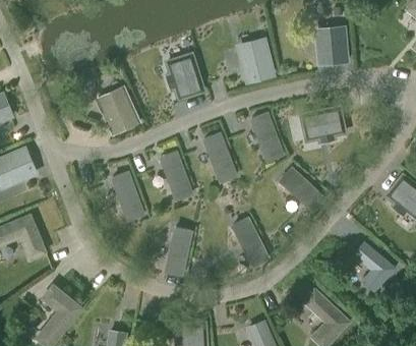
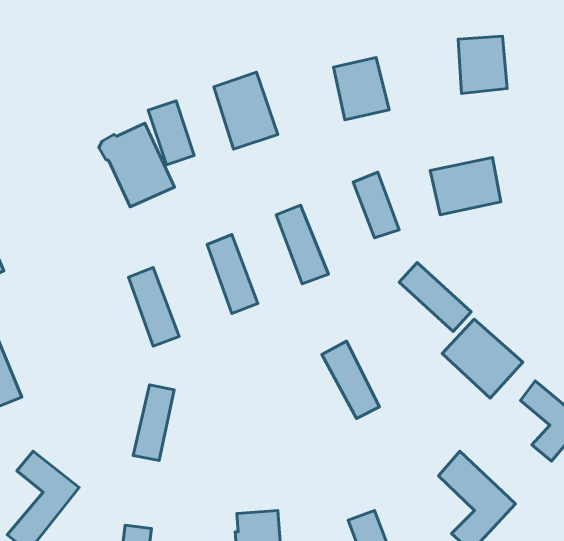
building: none -> [148,101,194,165]
building: none -> [442,319,523,398]
building: [165,228,190,275] -> [133,385,174,460]

